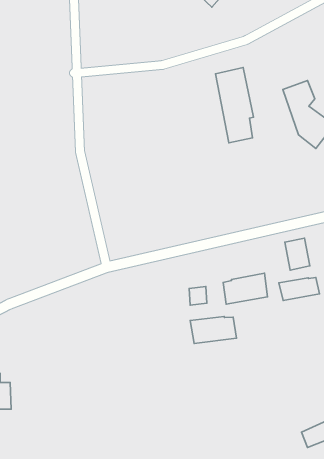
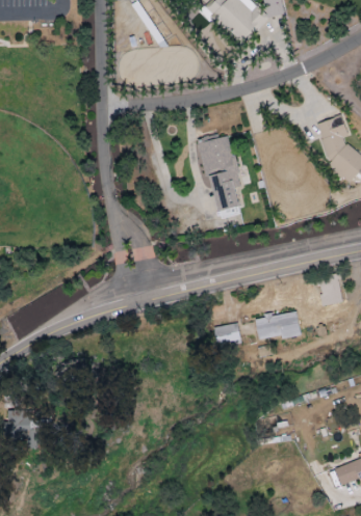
building: [215,68,254,143] -> [202,136,240,212]
building: [279,278,320,301] -> none
building: [190,317,237,343] -> none

